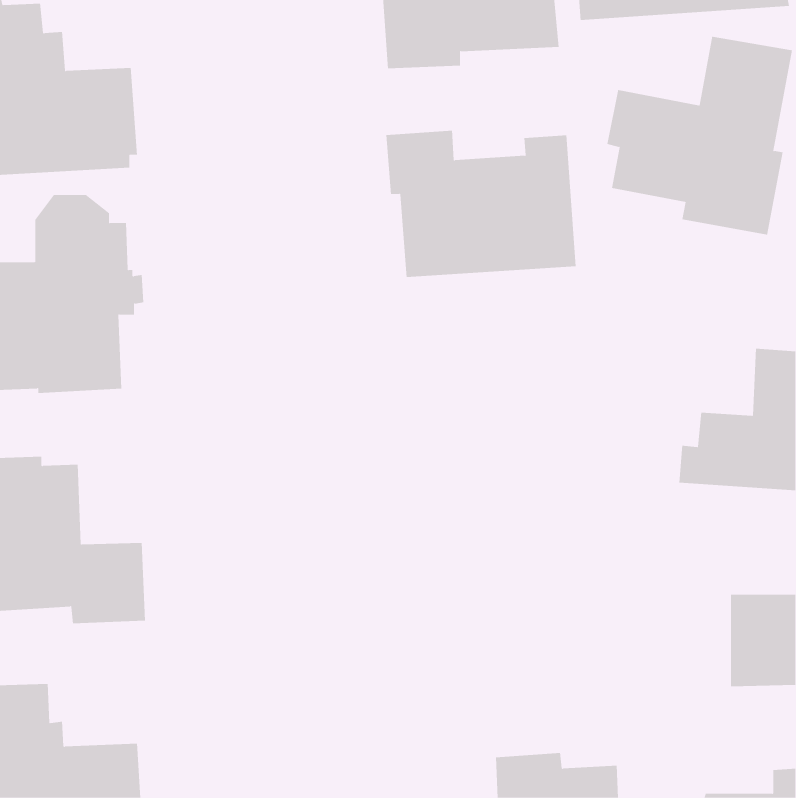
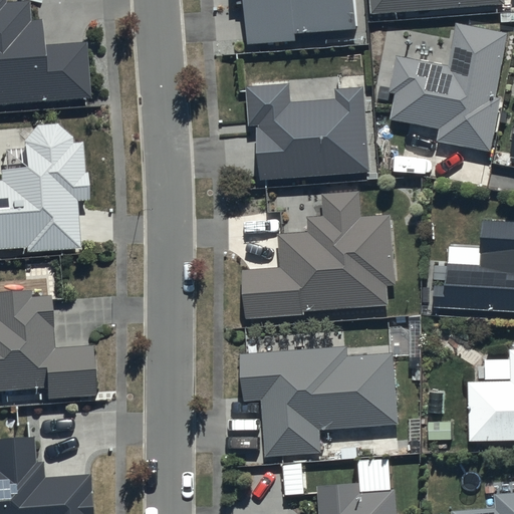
building: none -> [244,191,396,318]
building: none -> [241,345,400,456]

